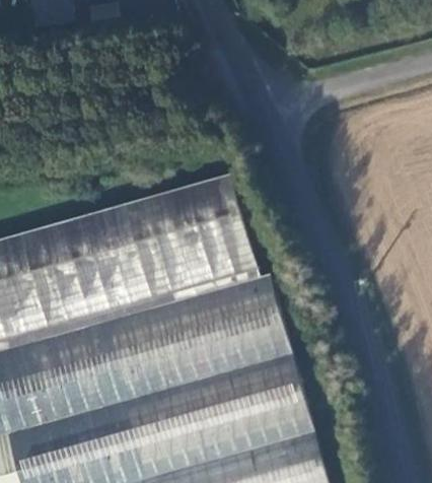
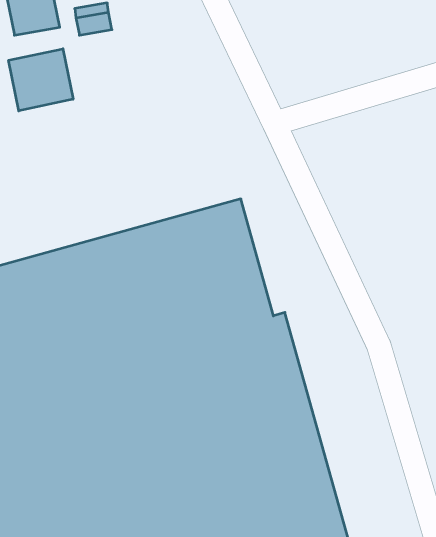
building: none -> [9,49,73,111]

